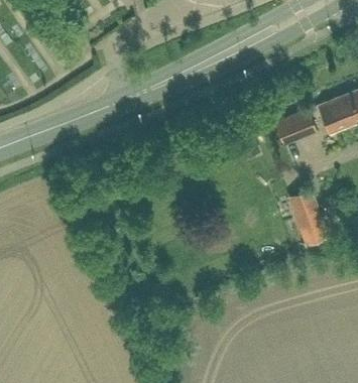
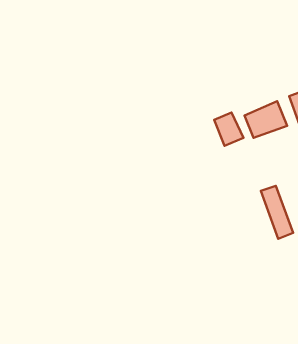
building: none -> [214,112,244,146]

